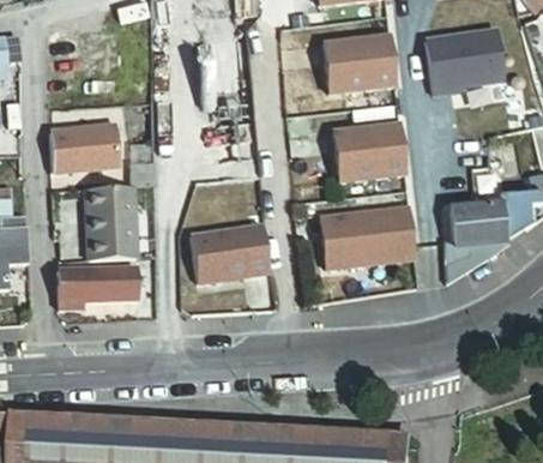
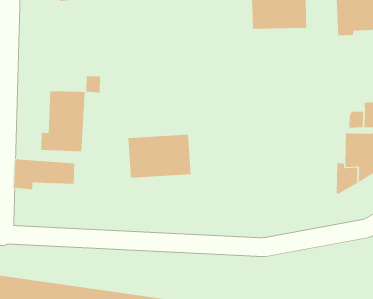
building: [333,122,405,180] -> none
building: [49,125,119,170] -> none
building: [320,205,415,266] -> none

